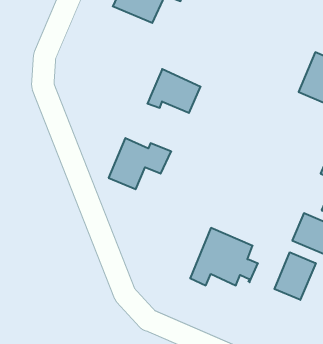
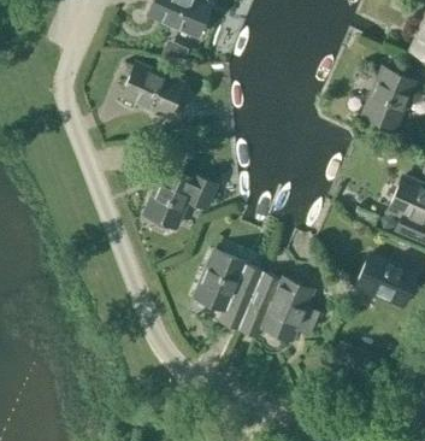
building: [147,69,201,113] -> [119,64,181,114]
building: none -> [194,251,262,329]
building: [274,252,316,300] -> none

